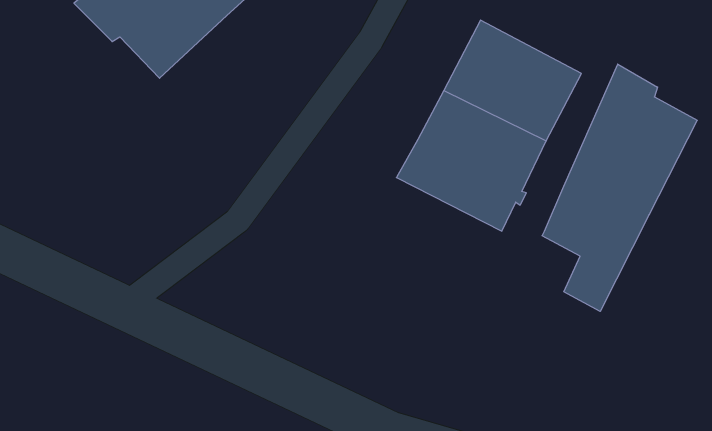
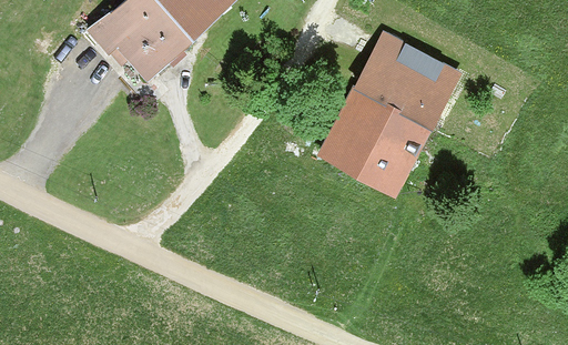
building: [542,64,697,311] -> none

